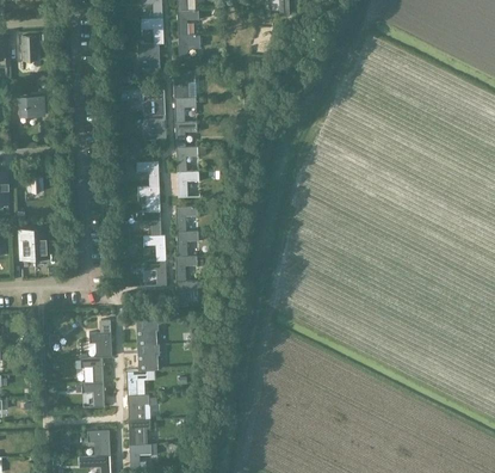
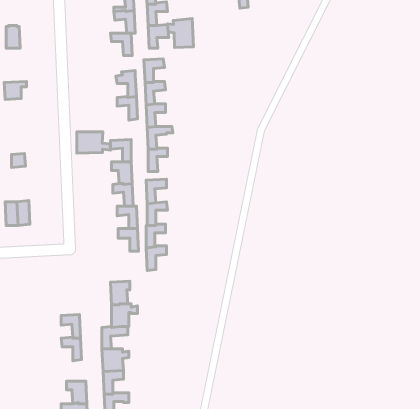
building: none -> [168,18,194,48]
building: none -> [77,132,111,153]
building: [89,320,112,358] -> none

